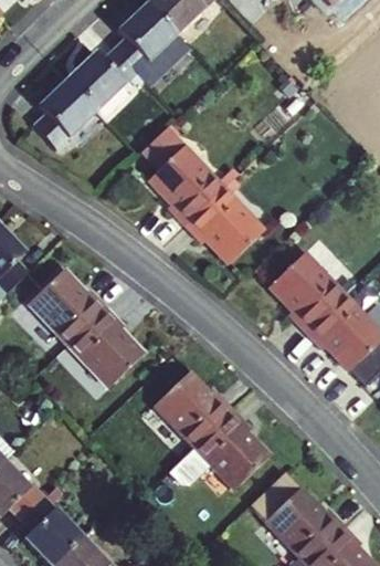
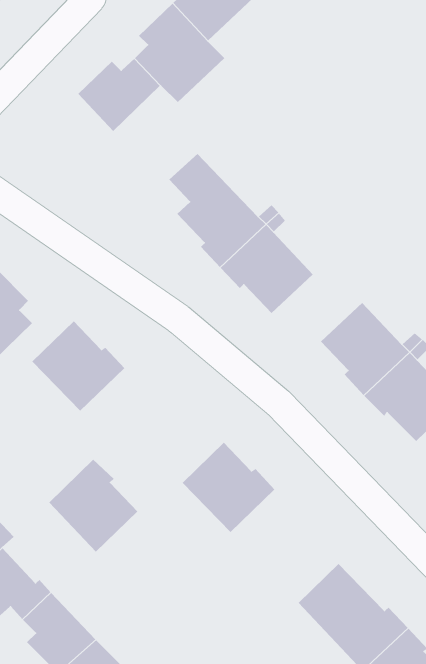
building: [33,80,96,149] -> none
building: [68,310,144,388] -> [48,459,138,553]
building: [170,411,270,490] -> none

